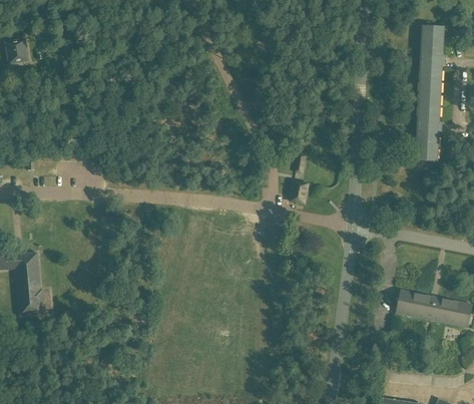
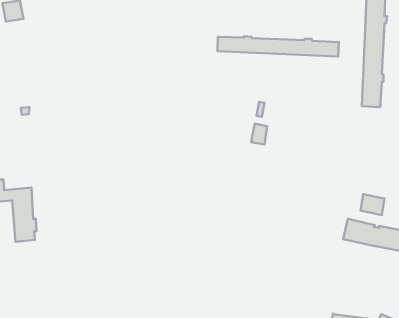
building: none -> [217,36,339,56]
building: none -> [361,194,384,215]

